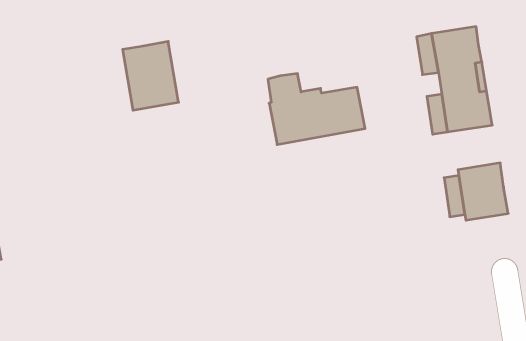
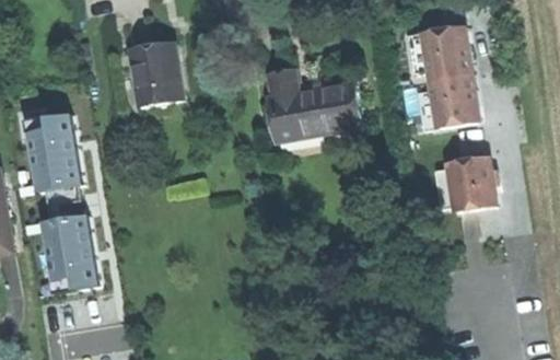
building: none -> [24,113,81,191]
building: none -> [39,213,97,292]

